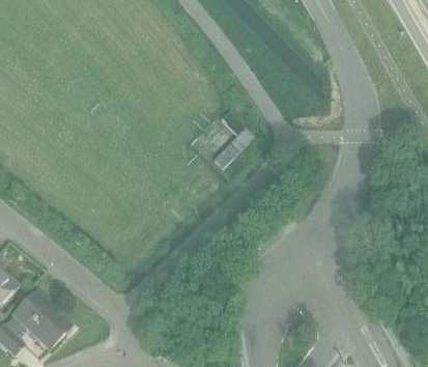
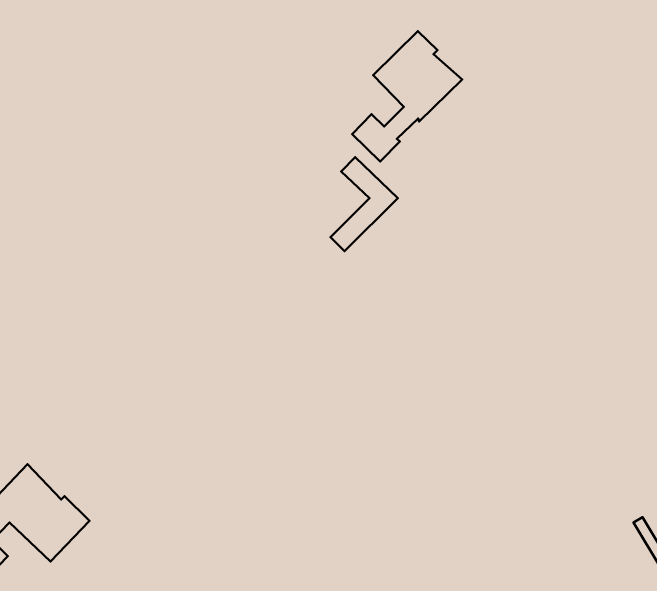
building: none -> [352,31,462,161]

